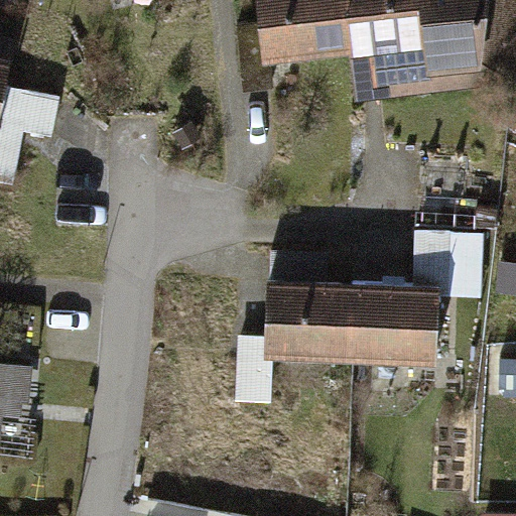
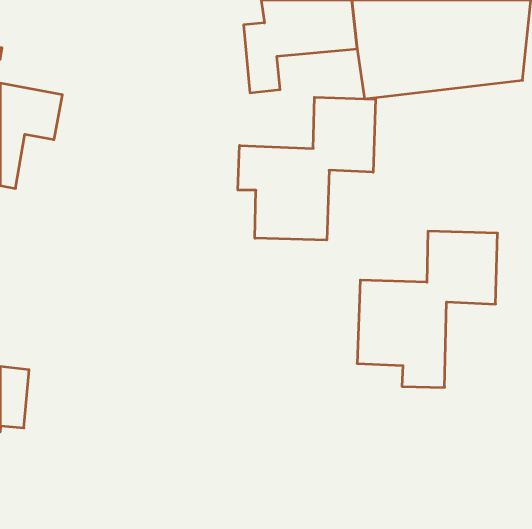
building: none -> [238,97,376,240]
building: [235,250,349,403] -> none

